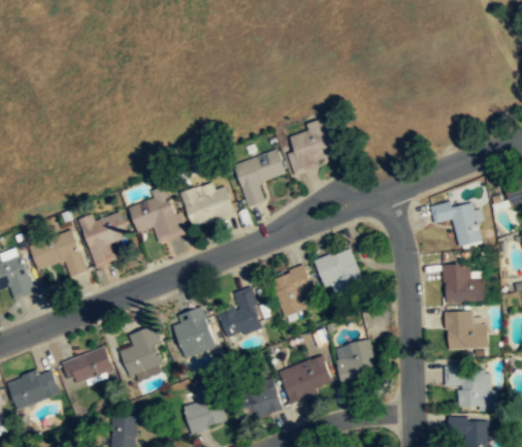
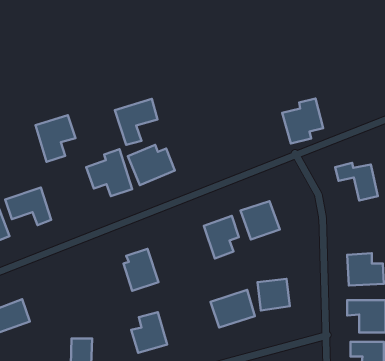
building: [287,119,336,173] -> [282,98,323,144]
building: [234,150,286,205] -> [115,99,158,145]
building: [81,210,130,266] -> [35,115,75,162]
building: [444,264,485,302] -> none
building: [221,287,263,337] -> none
building: [121,325,167,381] -> none
building: [63,346,115,385] -> none
building: [235,377,283,420] -> none

